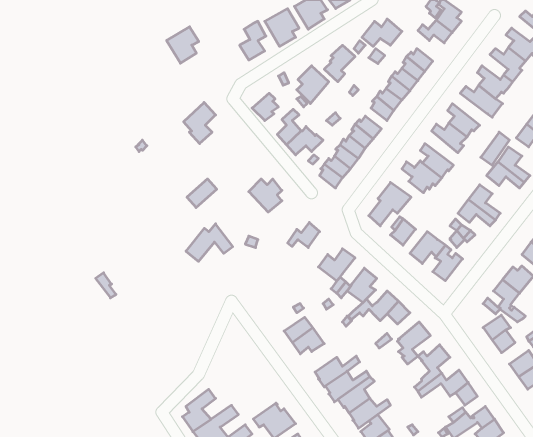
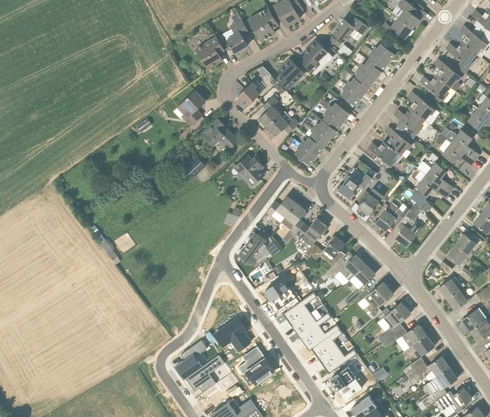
building: [167,27,199,63] -> [196,37,224,69]
building: none -> [201,118,238,147]
building: [186,224,233,261] -> [240,231,281,264]
building: none -> [281,203,306,236]
building: none -> [282,292,317,326]
building: none -> [218,319,252,351]

